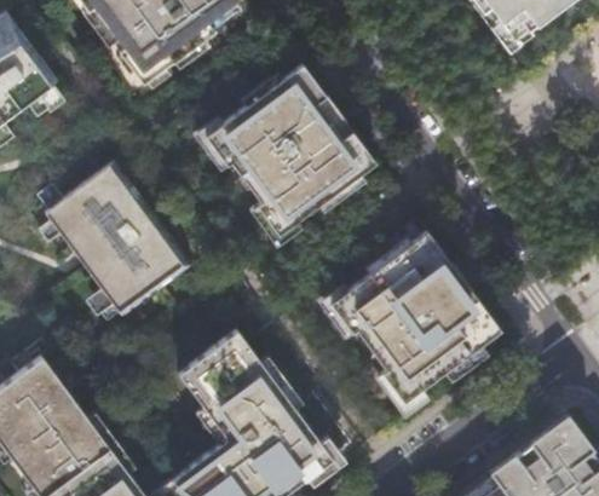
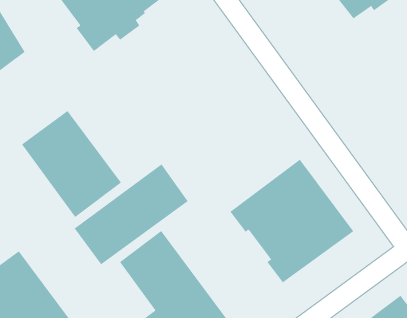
building: [207,63,378,233] -> none
building: none -> [74,164,189,265]

